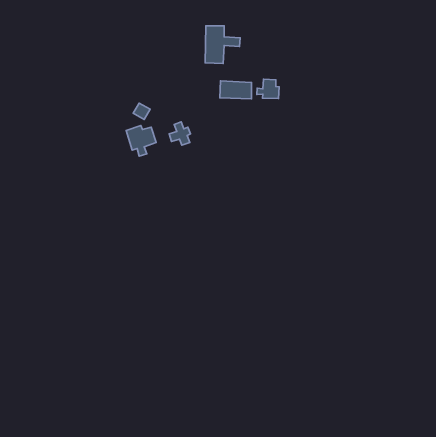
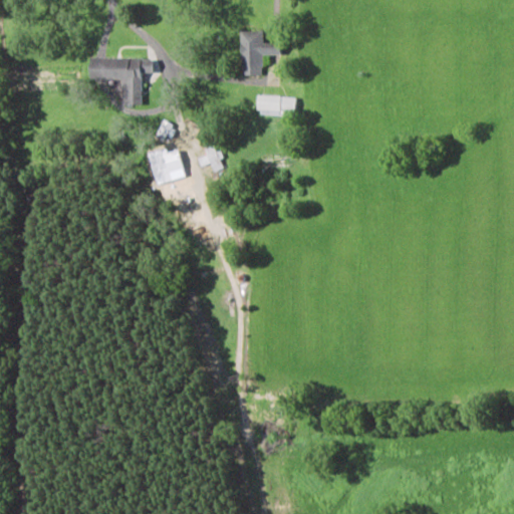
building: none -> [90,59,153,104]
building: [257,79,279,99] -> none

